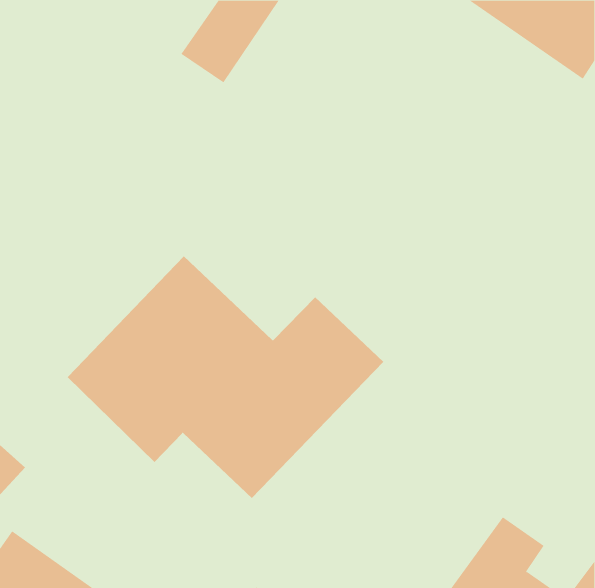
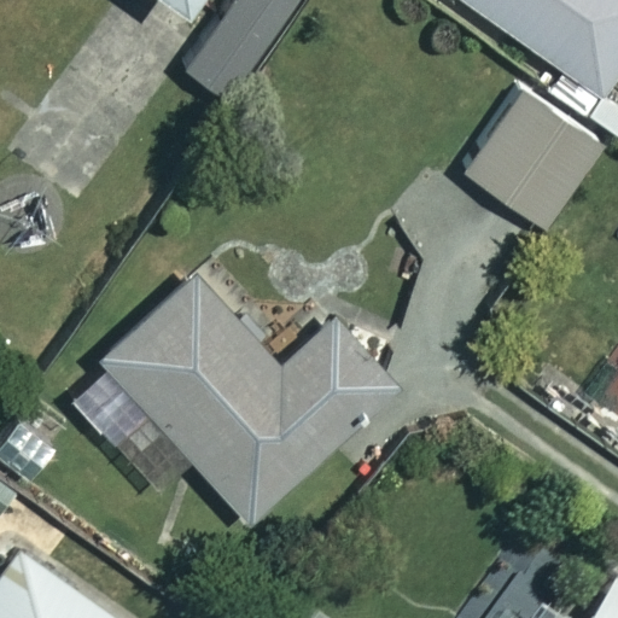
building: none -> [465,88,602,226]

